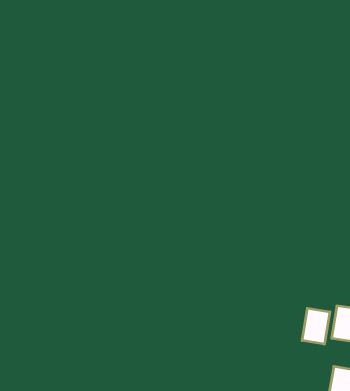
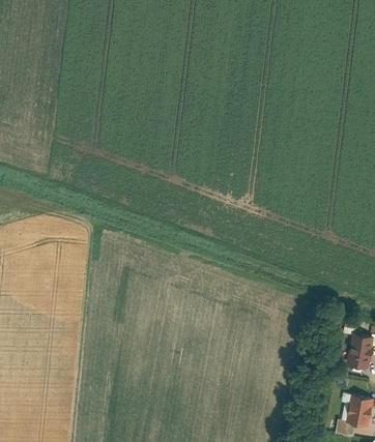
building: [302,308,330,344] -> none

